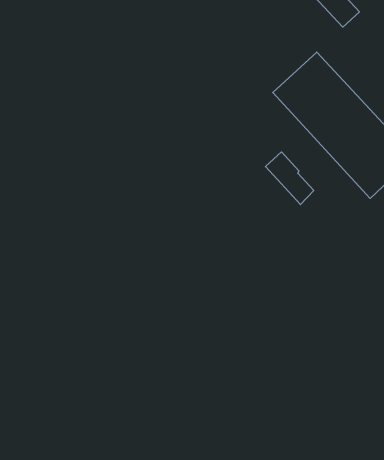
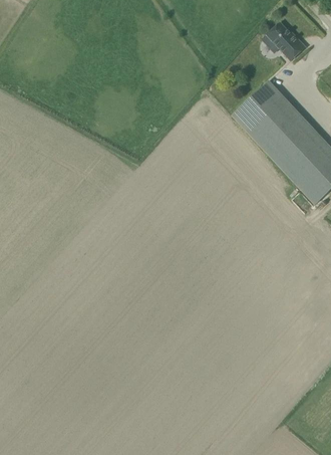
building: [265,152,314,205] -> none

